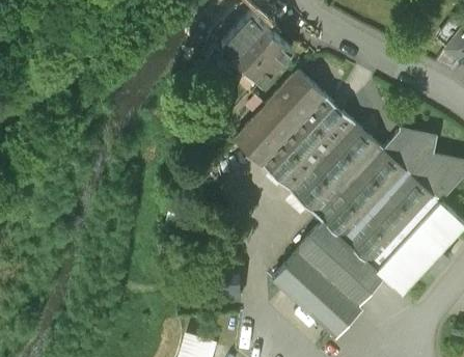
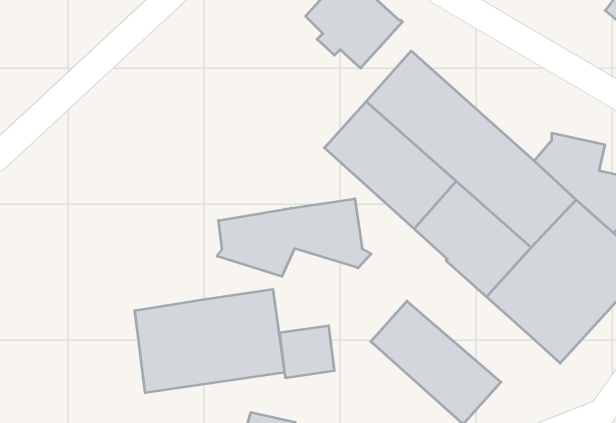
building: none -> [217,199,371,276]
building: [294,220,380,301] -> none
building: none -> [135,289,285,393]

